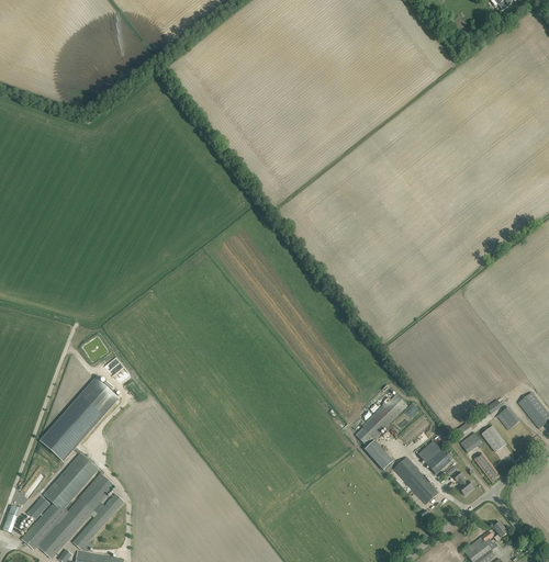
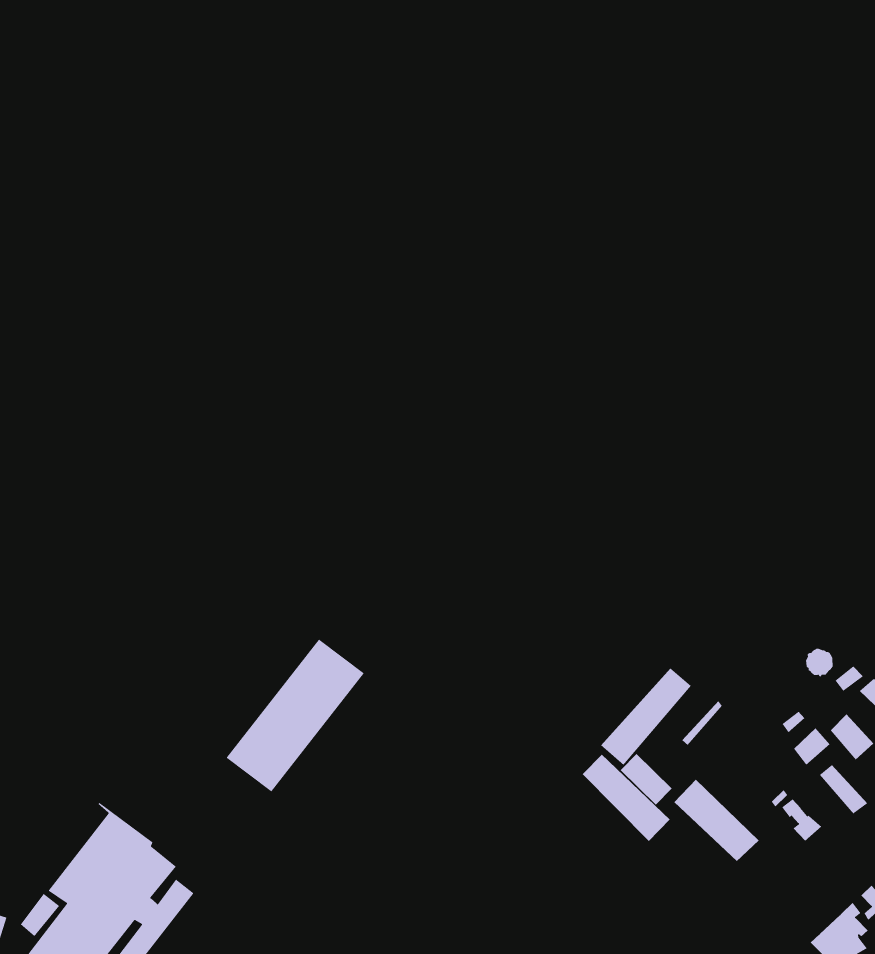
building: [38,376,119,460] -> [225,638,365,793]
building: none -> [582,754,671,842]
building: [416,440,450,473] -> none

